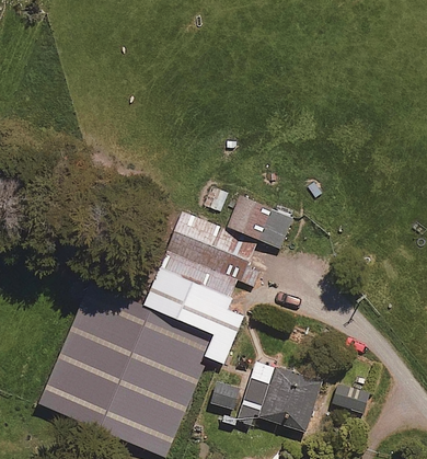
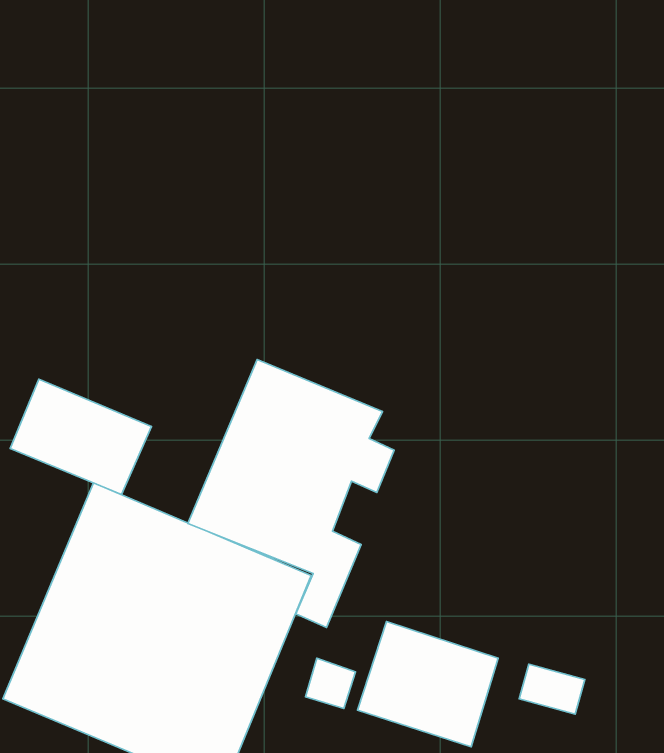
building: [227,197,291,249] -> none
building: none -> [10,379,152,494]

